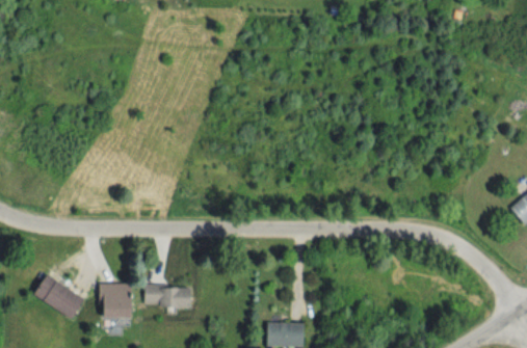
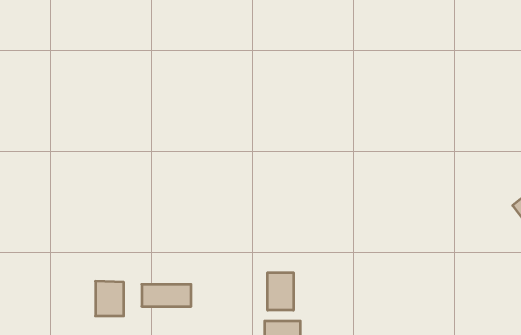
building: [32,273,83,319] -> none
building: none -> [268,273,293,310]

